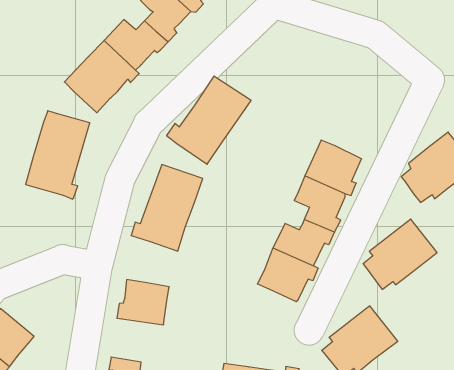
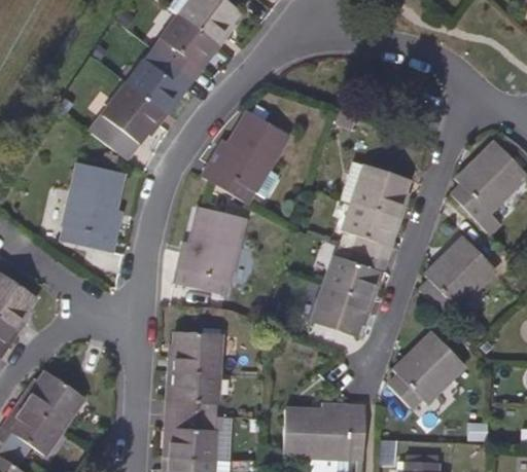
building: none -> [167,370,218,413]

